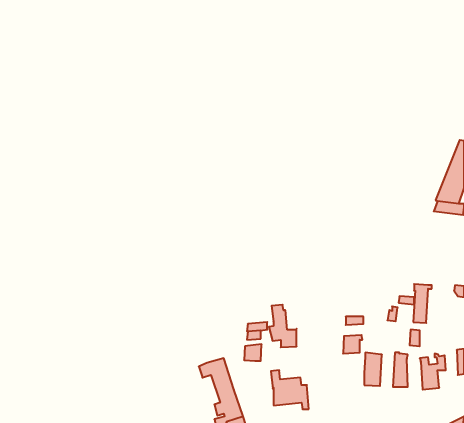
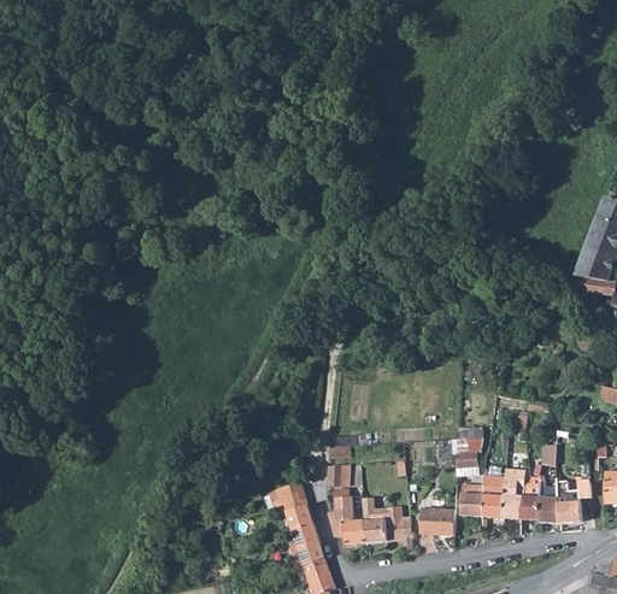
building: [413,284,432,323] -> [504,469,528,519]
building: [269,305,297,347] -> [329,489,365,545]
building: none -> [460,481,484,517]
building: none -> [539,483,559,523]
building: none -> [421,510,456,535]

